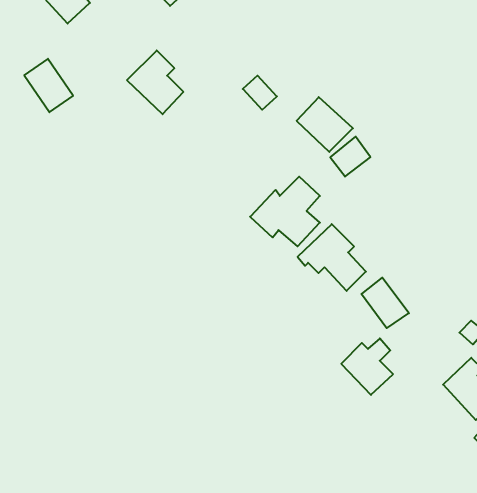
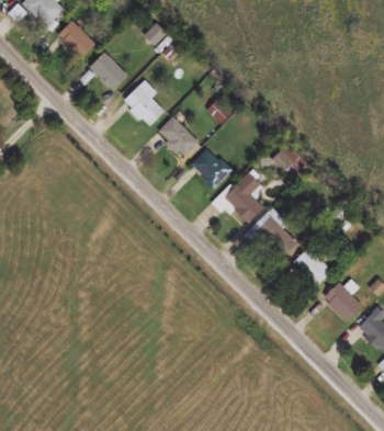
building: [24,59,73,112] -> [90,52,126,91]
building: [297,97,353,152] -> [190,148,231,189]
building: none -> [157,117,199,160]
building: [341,338,393,395] -> [324,280,362,321]

